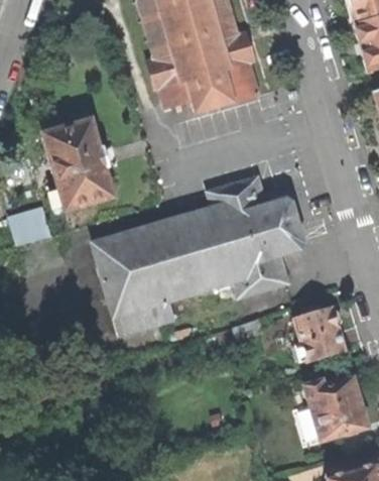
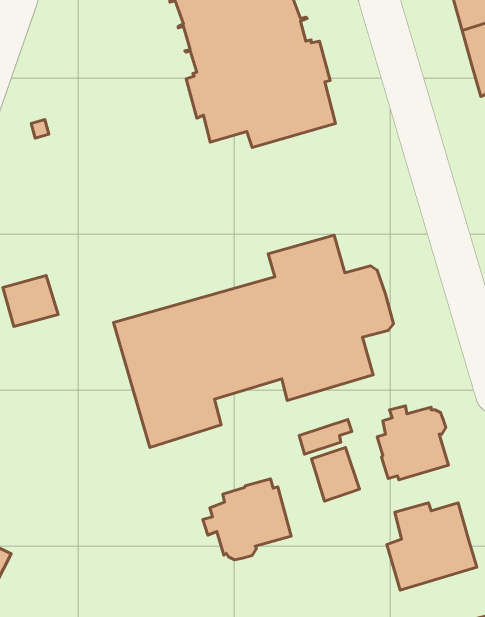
building: [42,118,114,211] -> none
building: none -> [311,448,360,501]
building: none -> [203,479,291,560]

